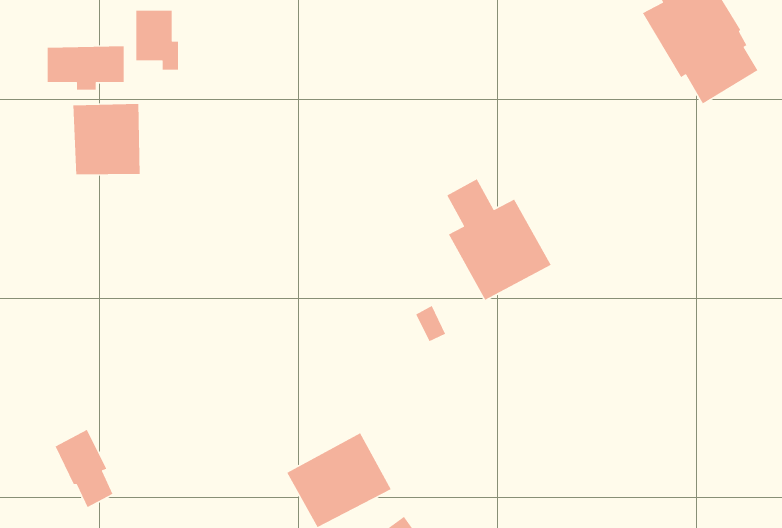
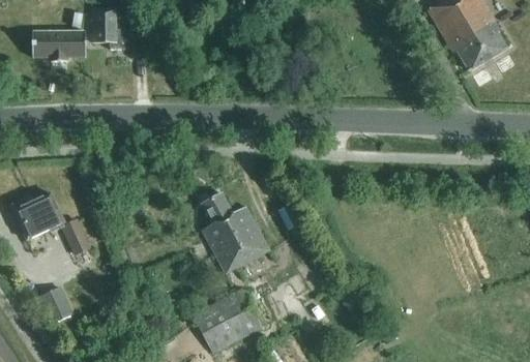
building: [73,103,140,175] -> none
building: [446,178,552,301] -> [201,192,271,274]
building: none -> [12,192,89,253]

